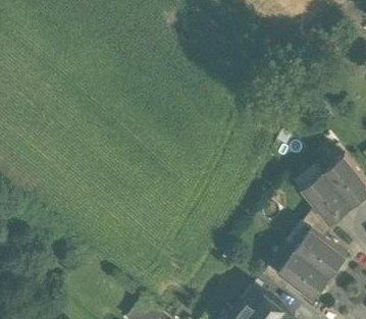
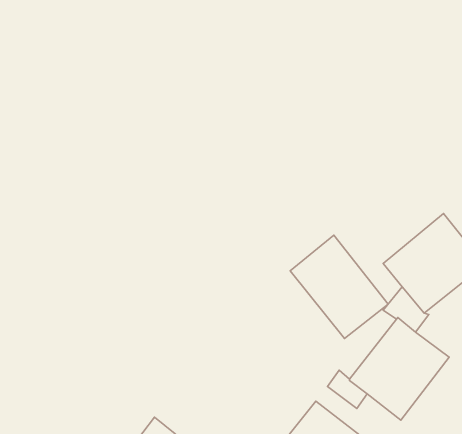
building: none -> [290,235,388,338]

